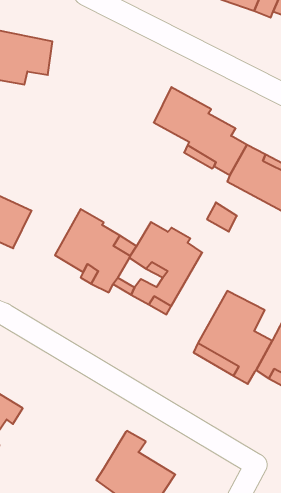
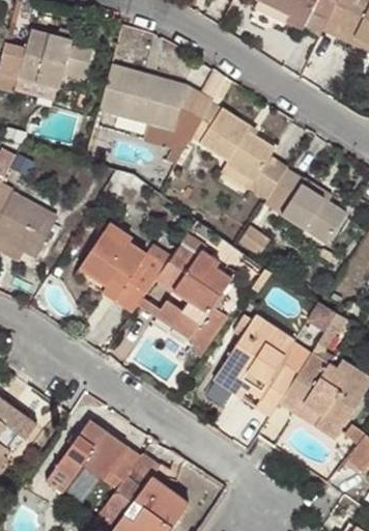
building: none -> [100,64,226,146]
building: none -> [40,419,140,495]

